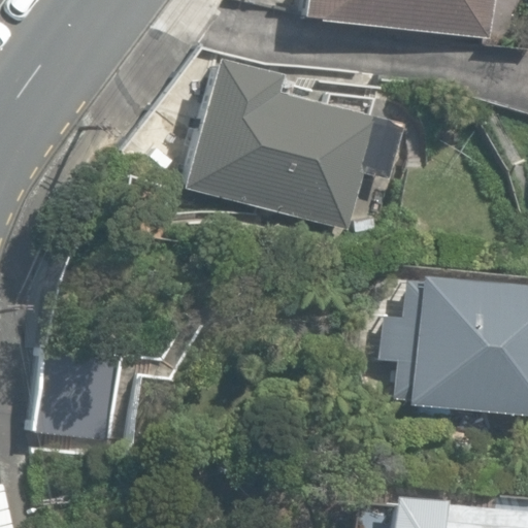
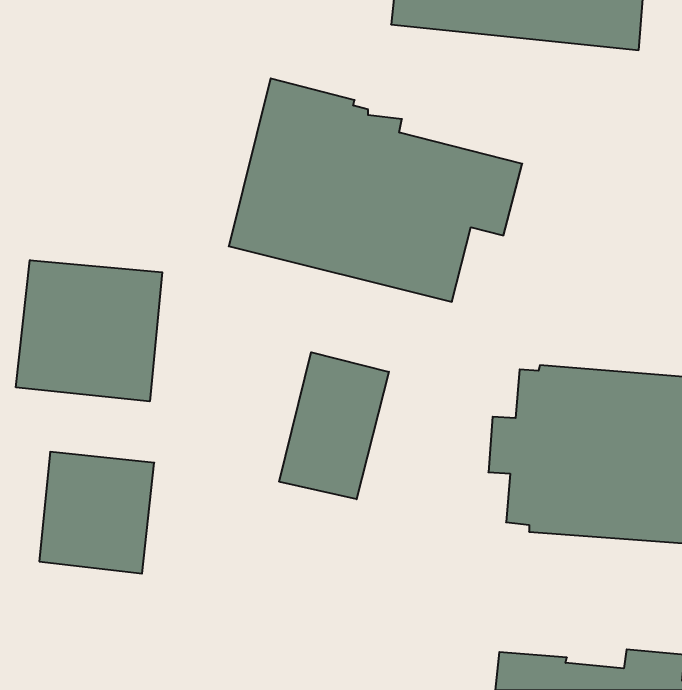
building: none -> [16,260,162,401]
building: none -> [279,352,389,499]

